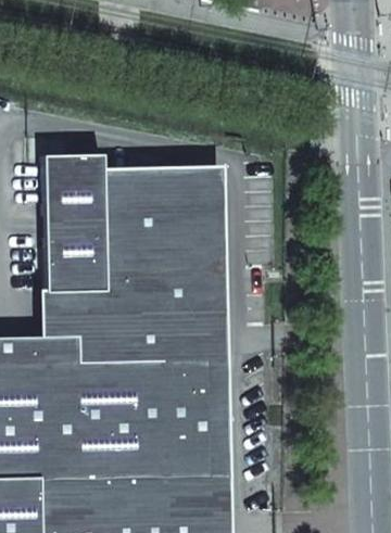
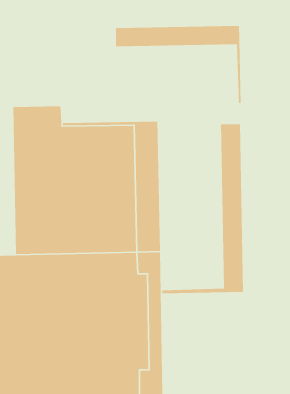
building: none -> [115,25,241,104]
building: none -> [161,124,244,294]

